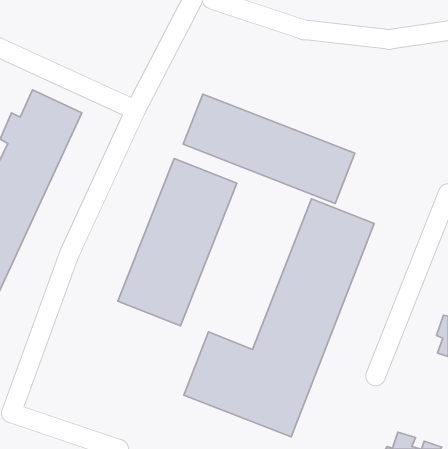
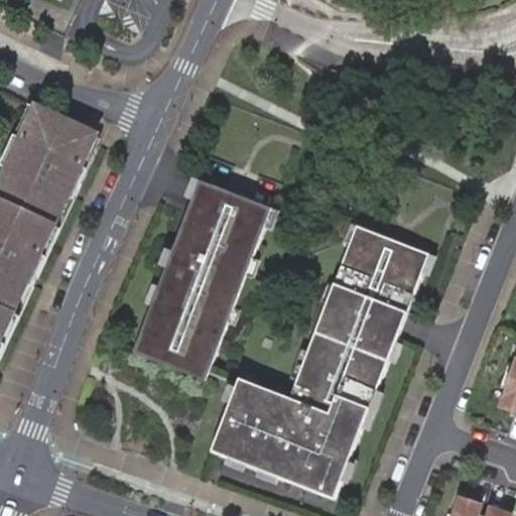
building: [183,94,355,203] -> none

